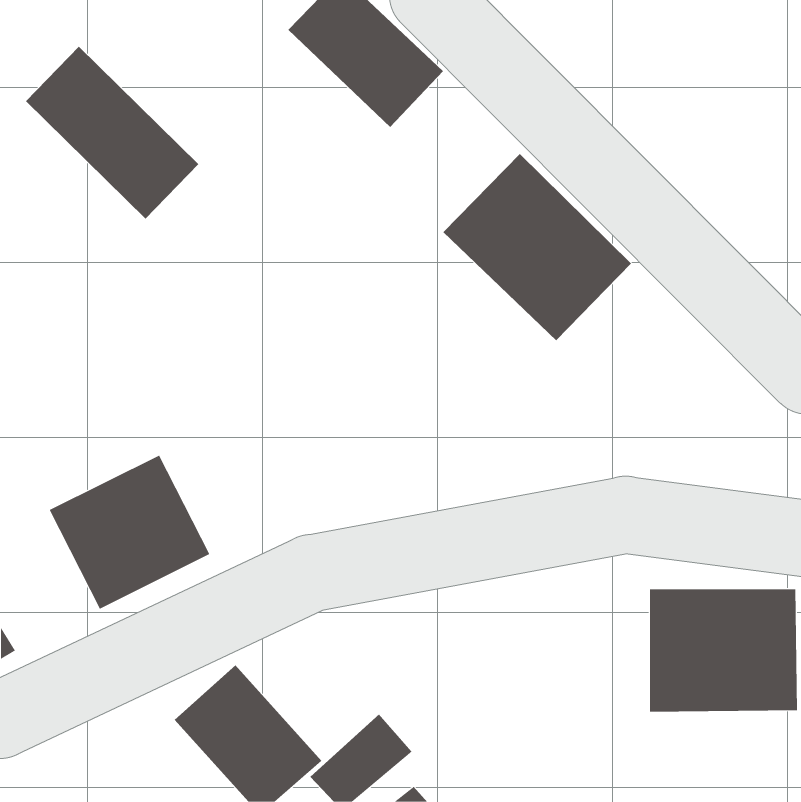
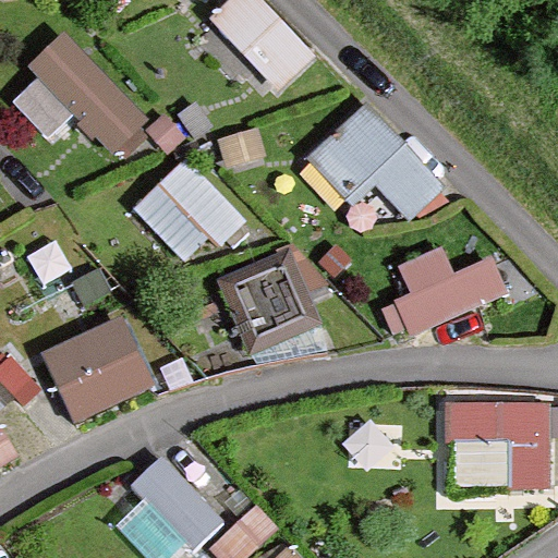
building: none -> [138,160,246,268]
building: none -> [380,243,513,344]
building: none -> [221,252,326,356]

